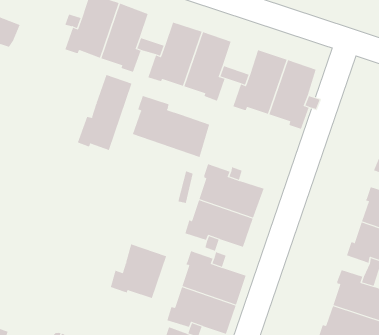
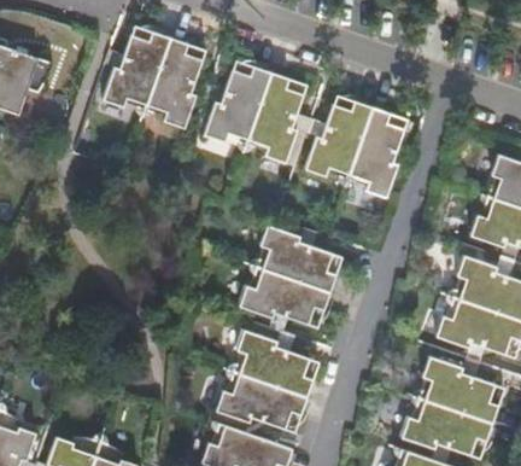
building: [77,74,132,151] -> none
building: [132,95,210,158] -> none
building: [110,244,167,299] -> none

